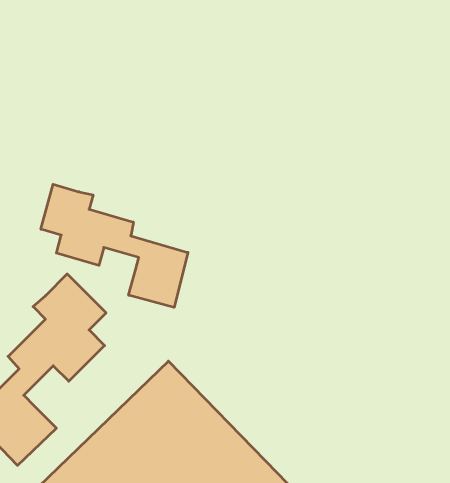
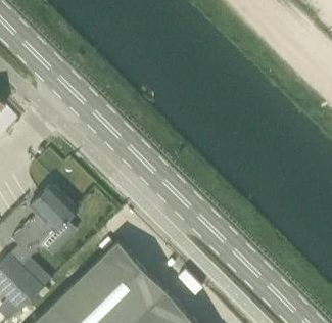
building: [41,184,188,307] -> none

